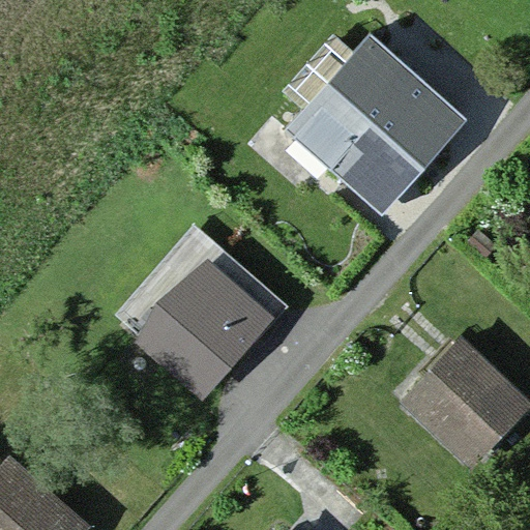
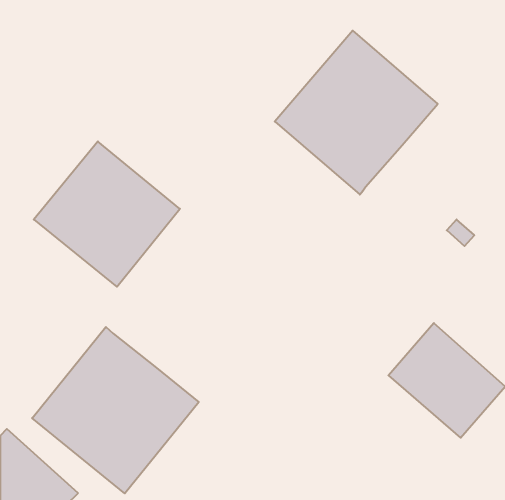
building: [127,231,281,383] -> [34,141,180,287]
building: none -> [32,327,199,493]

